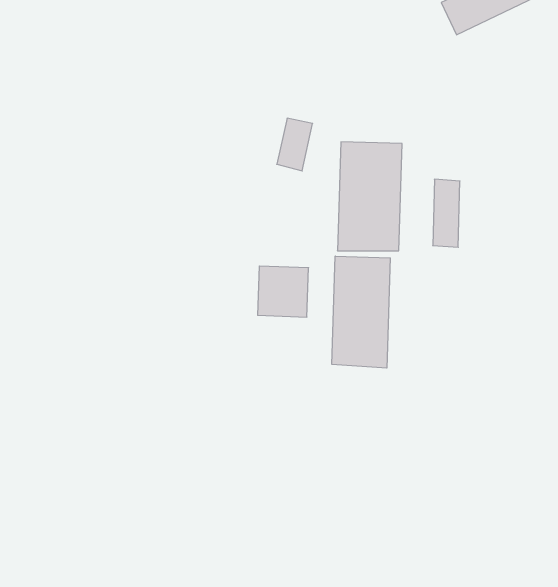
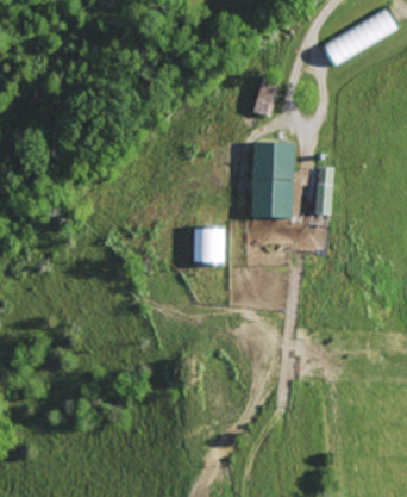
building: [277,118,313,171] -> [253,79,278,116]
building: [332,256,390,368] -> none

